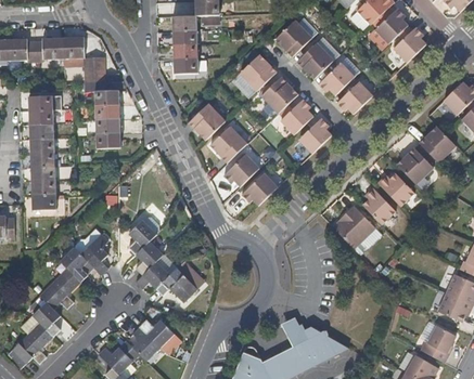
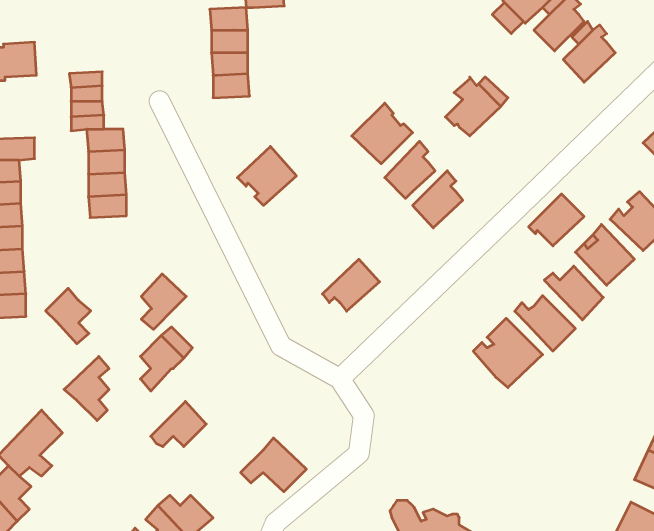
building: [274,18,312,56] -> none
building: [62,36,84,57] -> none
building: [296,41,334,78] -> none
building: [240,53,278,90] -> none
building: [336,81,371,114] -> [529,194,584,246]
building: [210,125,247,161] -> none
building: [225,154,259,186] -> none
building: [134,240,163,275] -> [141,274,186,329]
building: [60,246,88,280] -> [46,288,91,344]
building: [155,267,196,301] -> [241,438,306,492]

